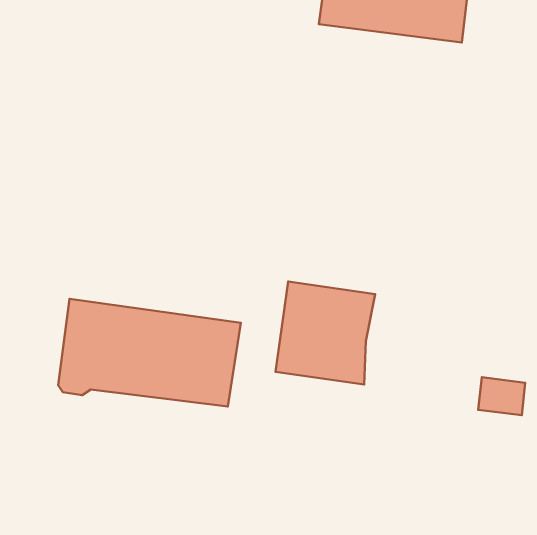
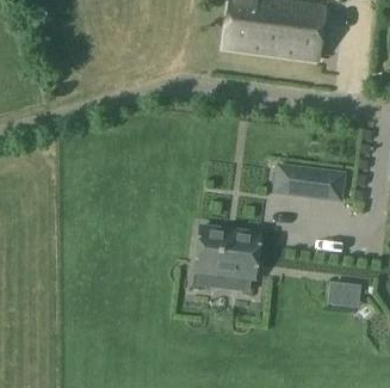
building: none -> [273,167,345,204]
building: [58,299,241,407] -> none

